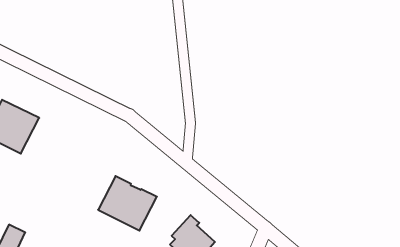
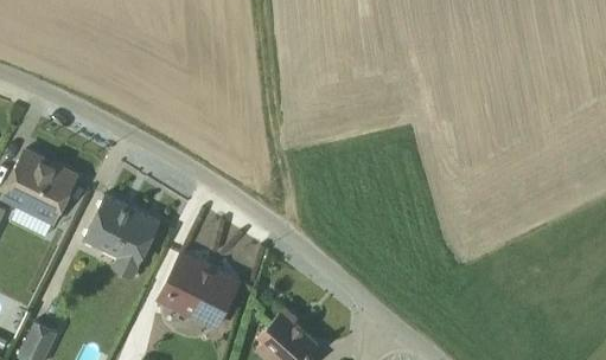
building: none -> [83,195,160,278]

